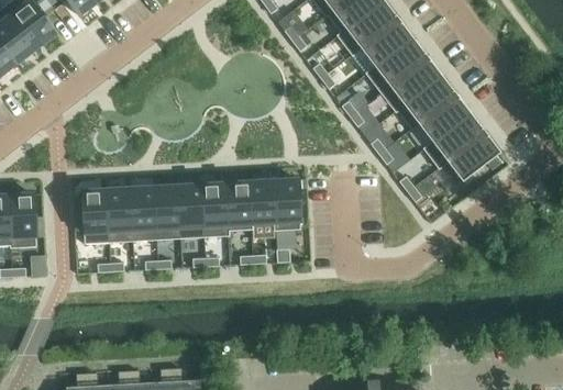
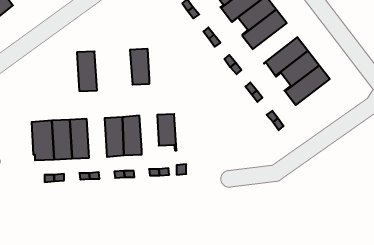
building: [380,57,441,111] -> none
building: [439,133,499,181] -> none
building: [274,179,300,230] -> none
building: [227,181,253,230] -> [130,49,149,85]
building: [155,186,183,239] -> [77,51,97,91]

